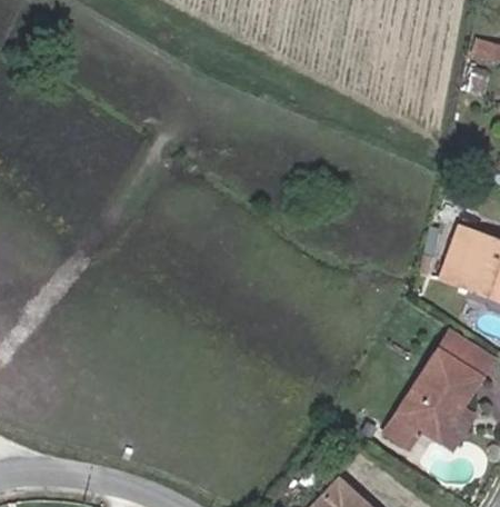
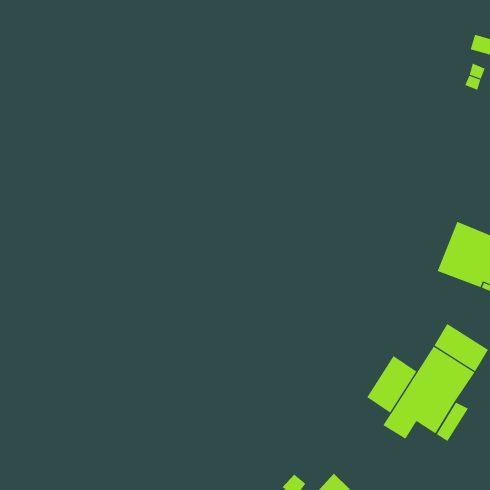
building: none -> [366,355,417,413]

